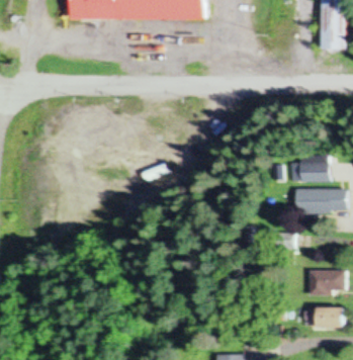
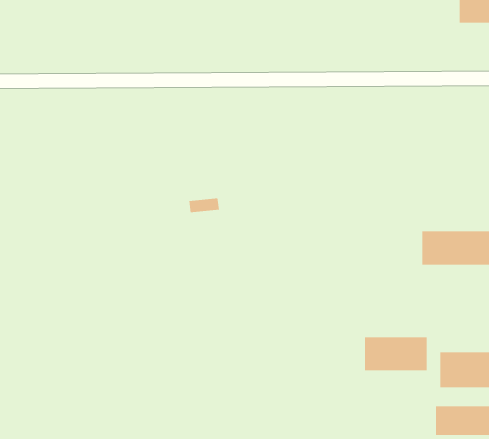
building: [292,156,329,182] -> none
building: none -> [365,336,427,371]

